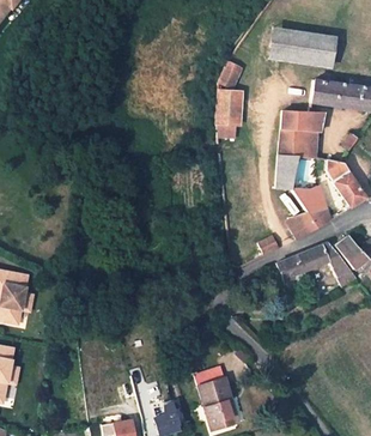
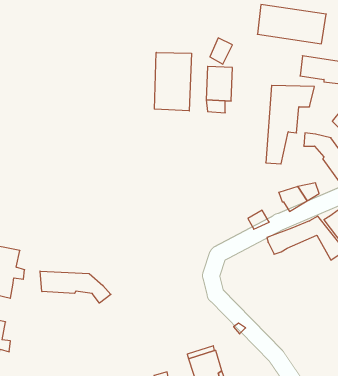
building: none -> [154,52,191,111]
building: [291,186,326,212] -> none
building: none -> [40,271,111,303]

